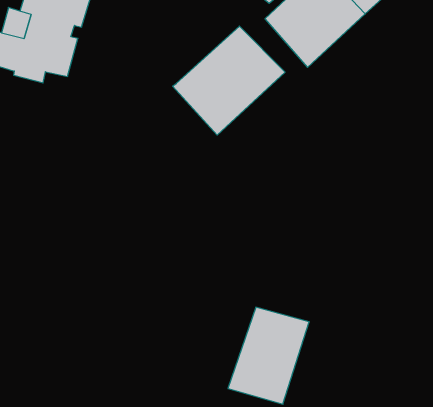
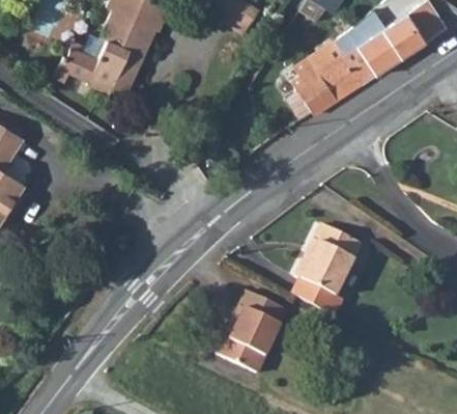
building: [173,26,285,135] -> none
building: none -> [292,223,356,296]

